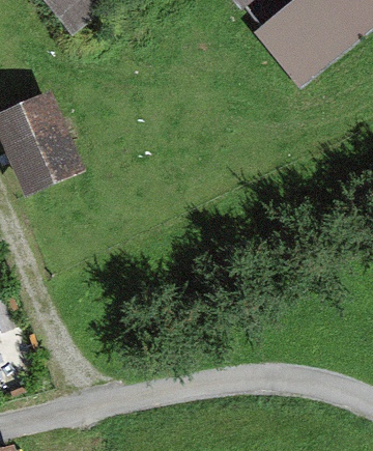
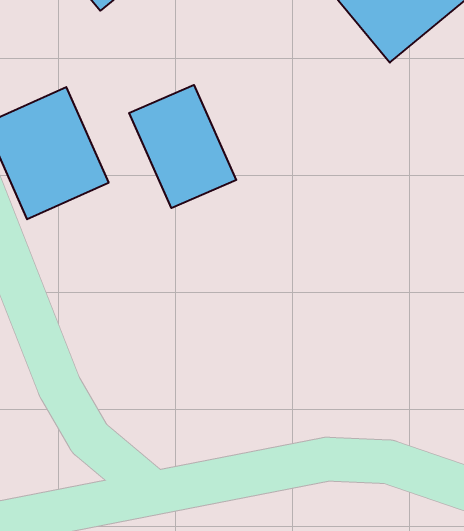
building: none -> [129,85,236,208]

